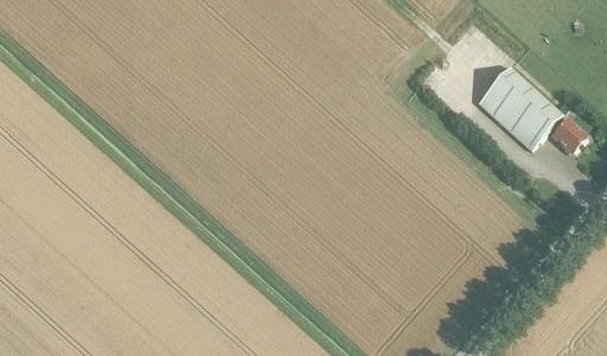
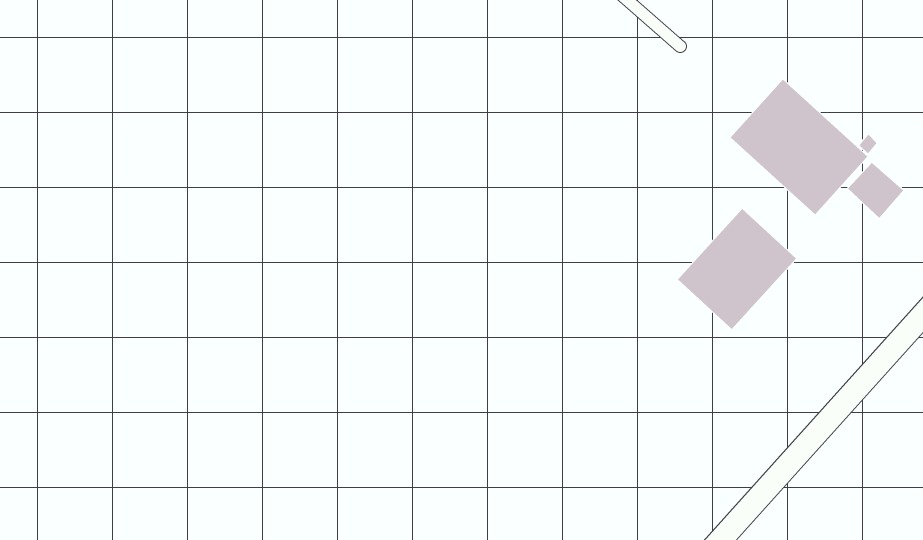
building: none -> [677,208,797,330]

